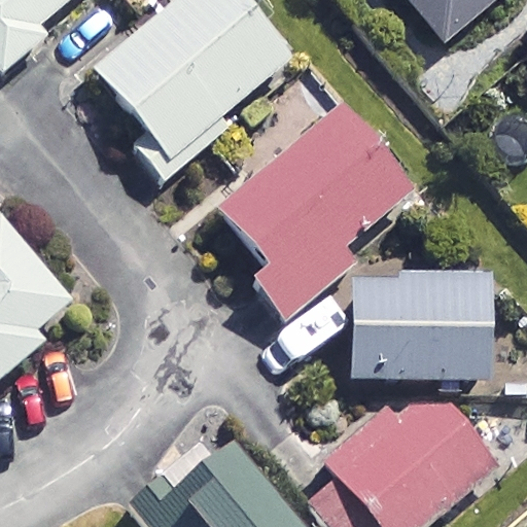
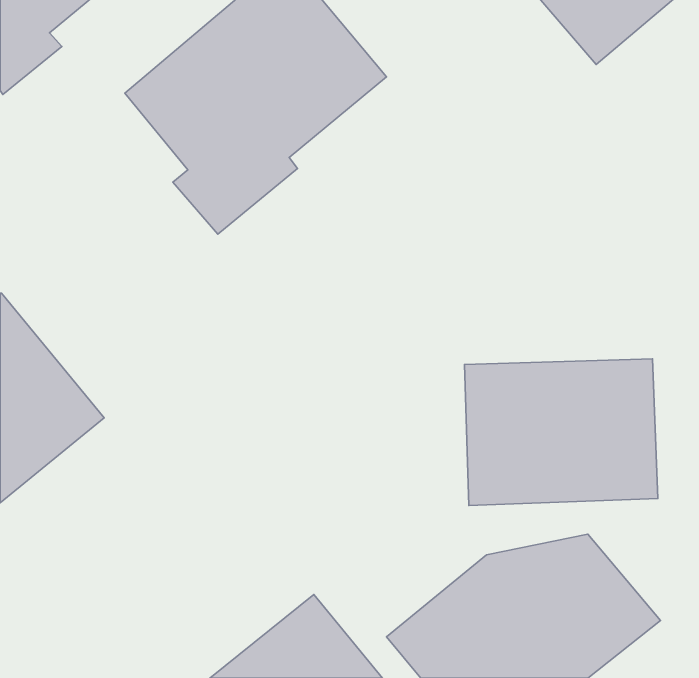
building: [218,107,411,317] -> none

